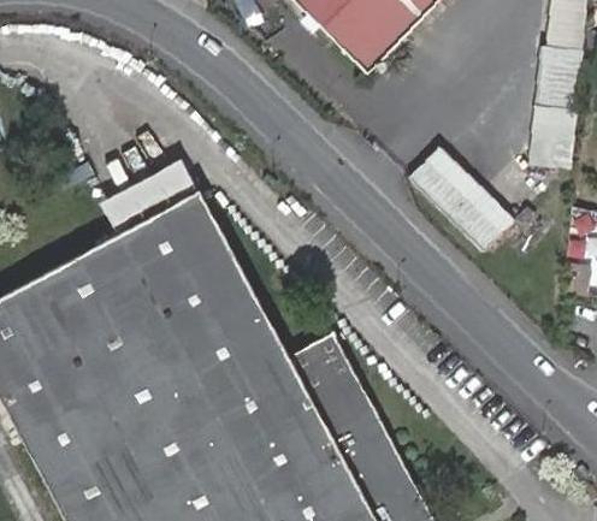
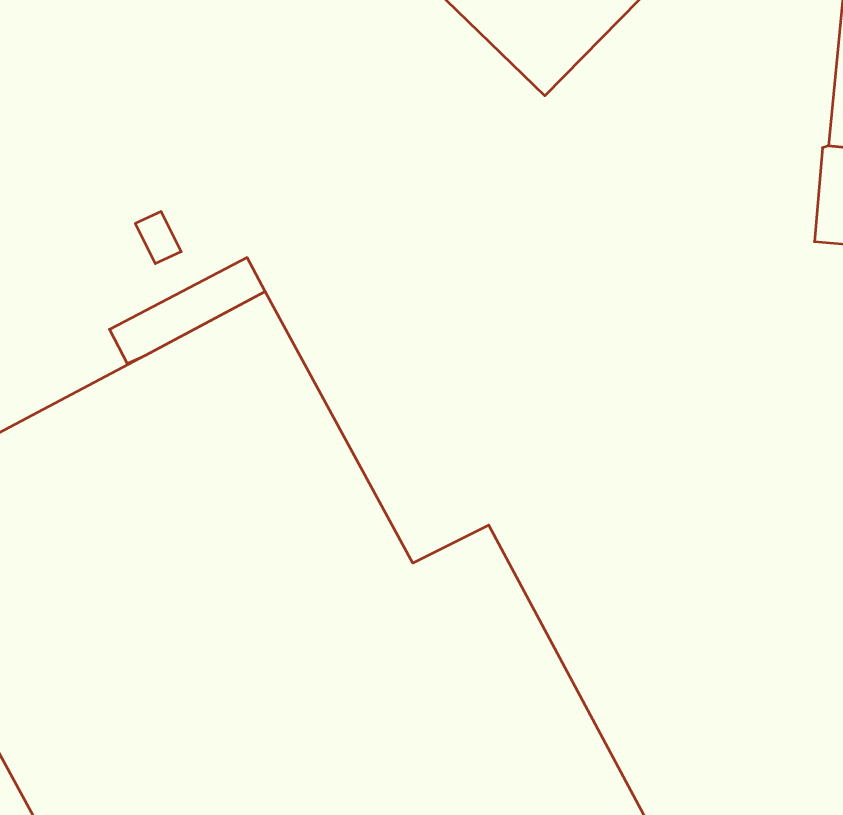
building: [412,146,512,245] -> none

